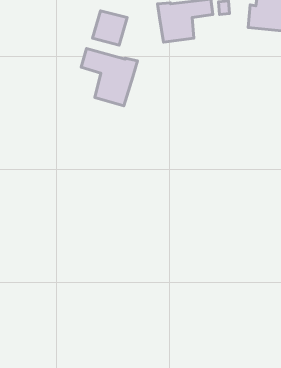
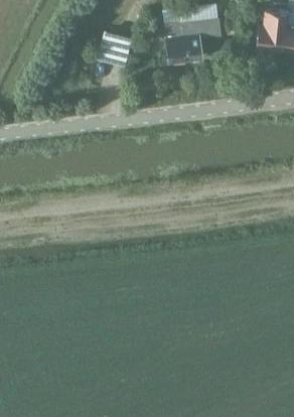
building: [81,49,138,106] -> none

